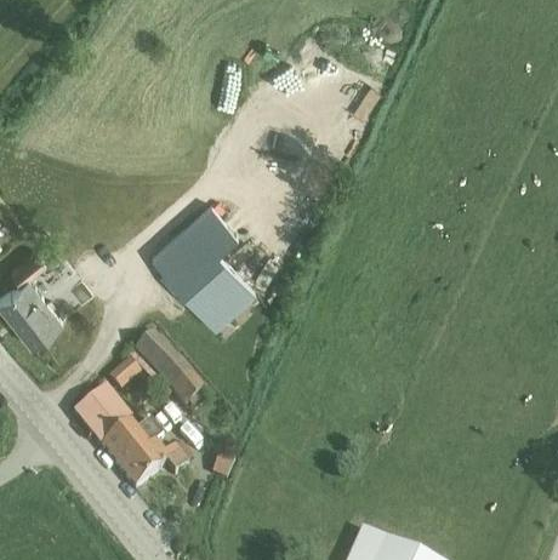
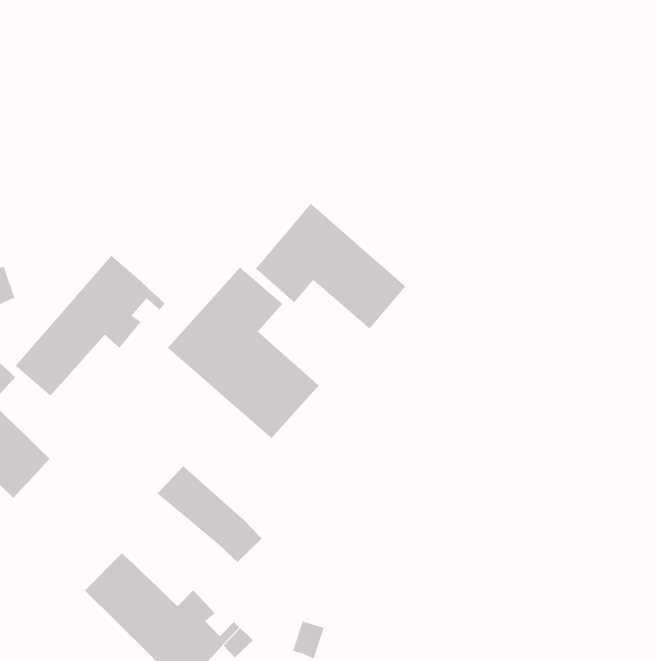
building: none -> [255,203,406,330]
building: none -> [15,255,165,396]

